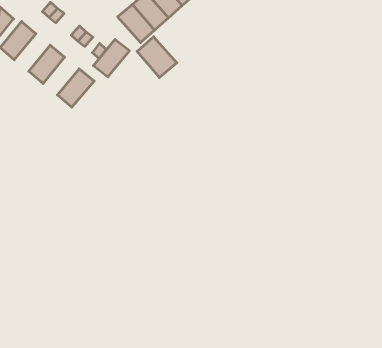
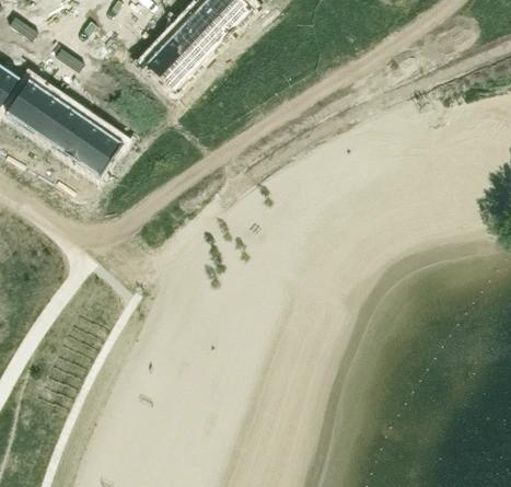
building: none -> [24,91,66,137]
building: [137,37,177,78] -> none
building: [93,39,129,77] -> [61,116,103,162]

